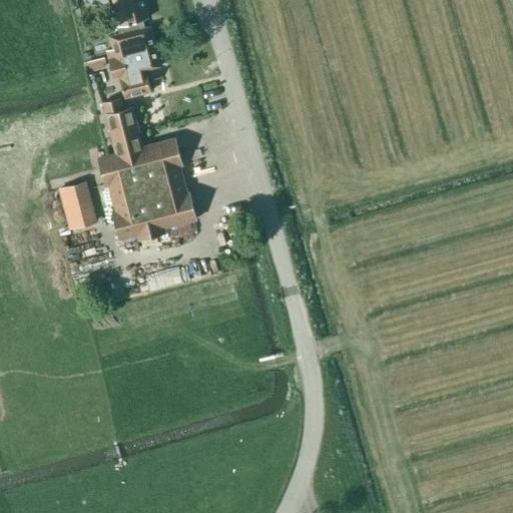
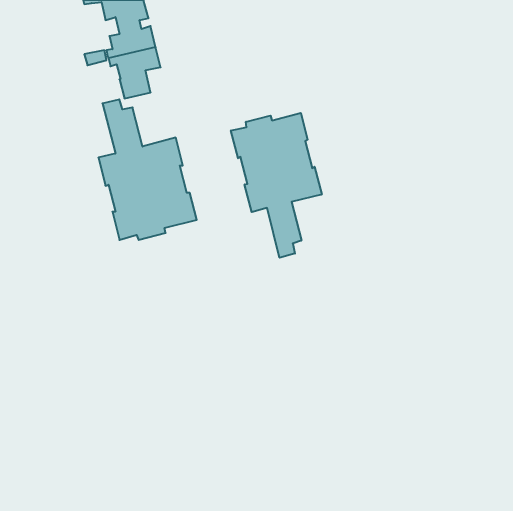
building: none -> [231,113,322,258]
building: [57,173,97,224] -> none

